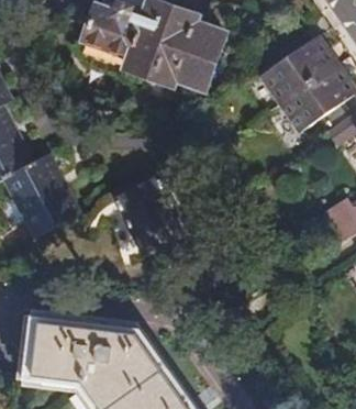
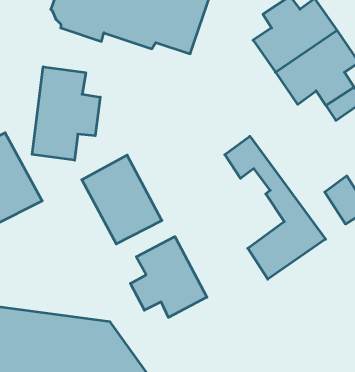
building: none -> [32,67,100,160]
building: none -> [225,136,326,279]
building: none -> [130,237,207,317]

